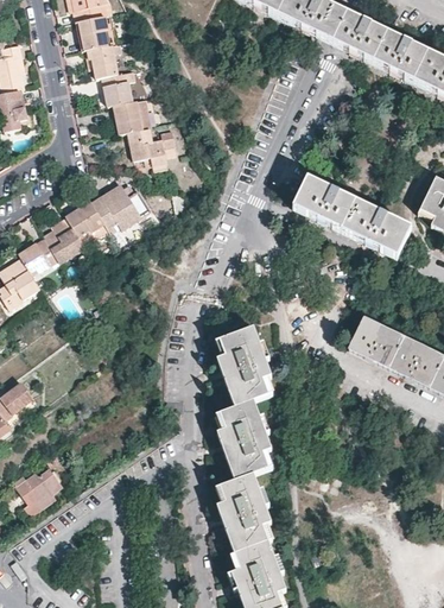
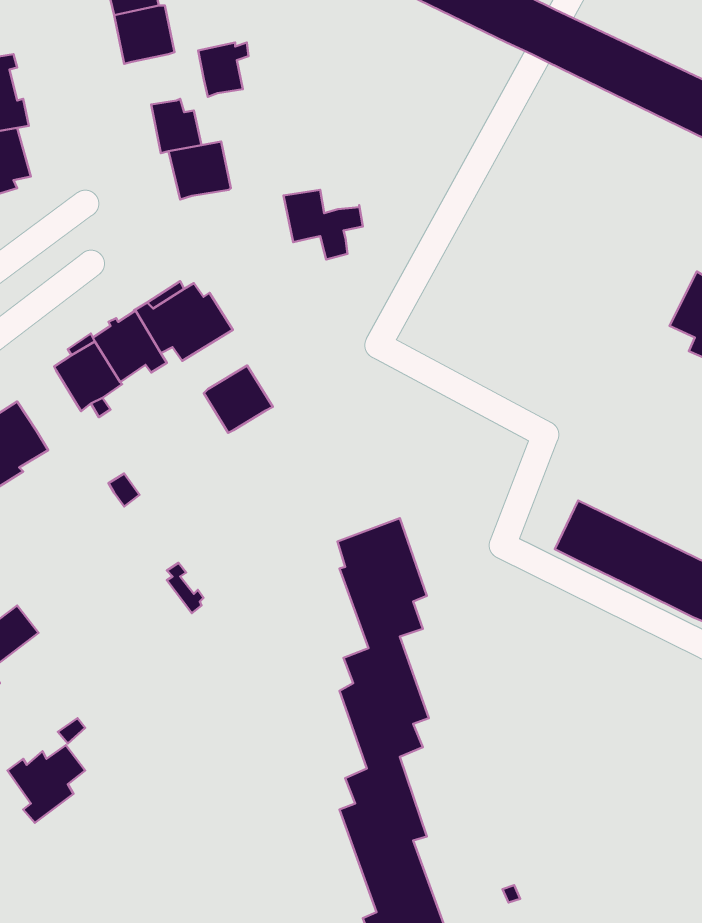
building: [90,44,121,77] -> [198,43,249,97]
building: [127,127,176,170] -> [283,190,363,260]
building: [293,178,411,258] -> none
building: none -> [204,366,273,433]
building: [19,238,57,274] -> none

